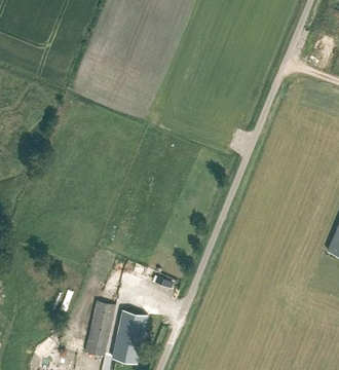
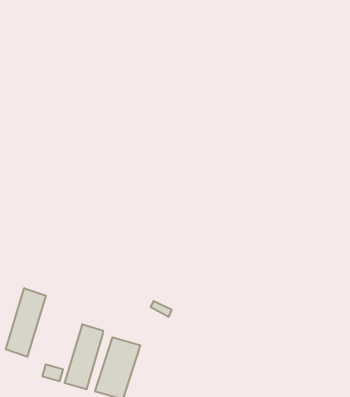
building: none -> [6,288,46,357]

